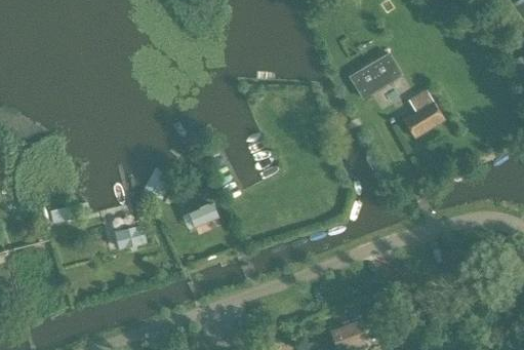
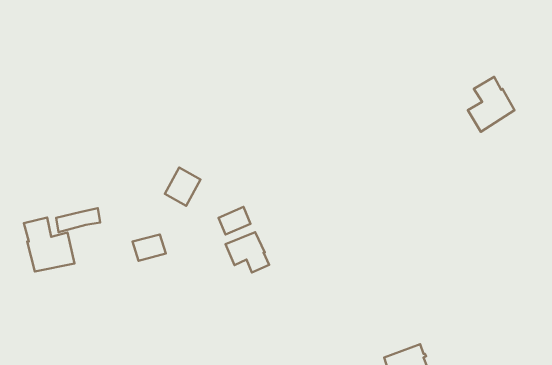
building: [350,52,401,98] -> none
building: none -> [24,218,74,271]
building: none -> [225,232,269,273]

